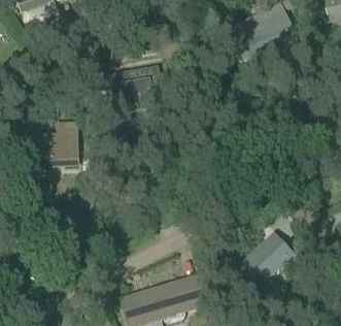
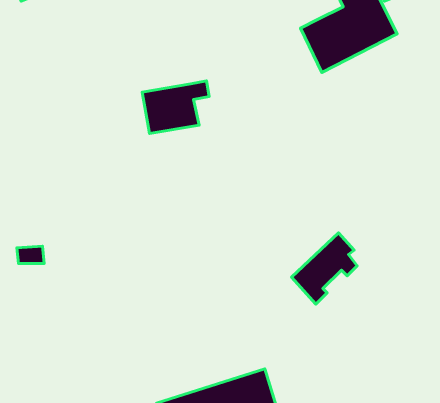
building: [32,120,78,165] -> none
building: [241,233,288,285] -> [291,233,357,304]

